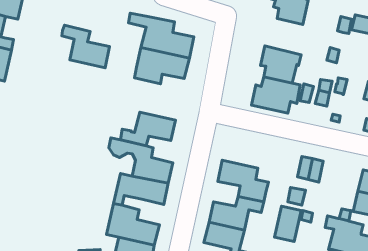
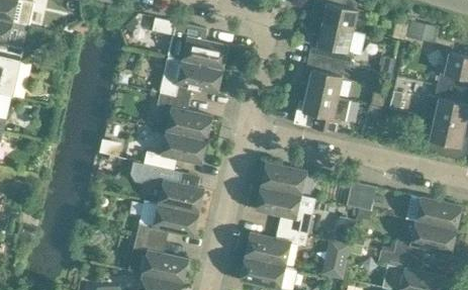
building: none -> [309,23,366,65]
building: [62,25,110,68] -> [158,91,212,139]
building: none -> [261,162,307,194]

